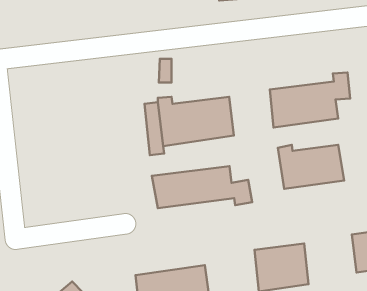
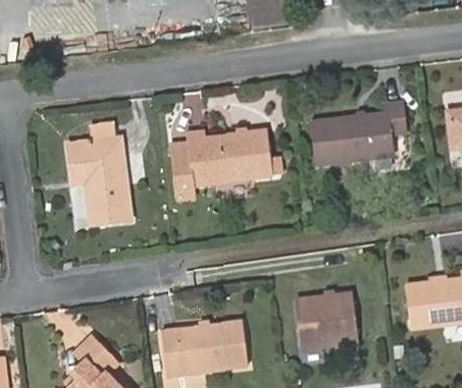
building: none -> [69,121,129,223]
building: [278,145,344,189] -> none
building: [152,166,252,208] -> none

